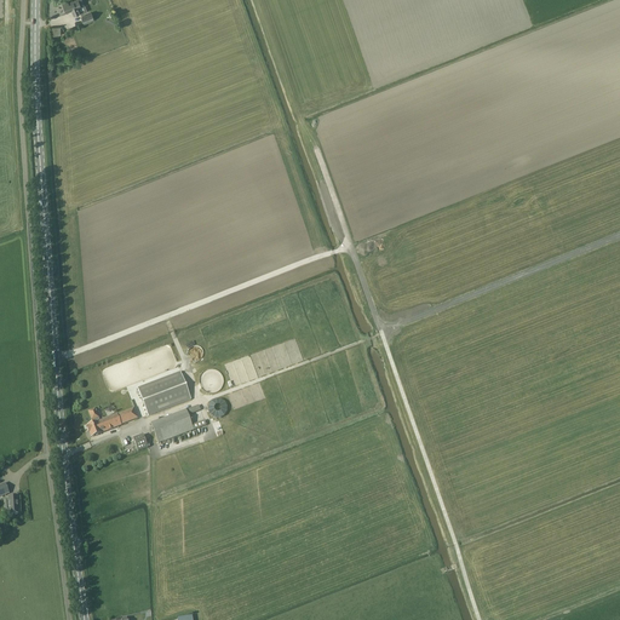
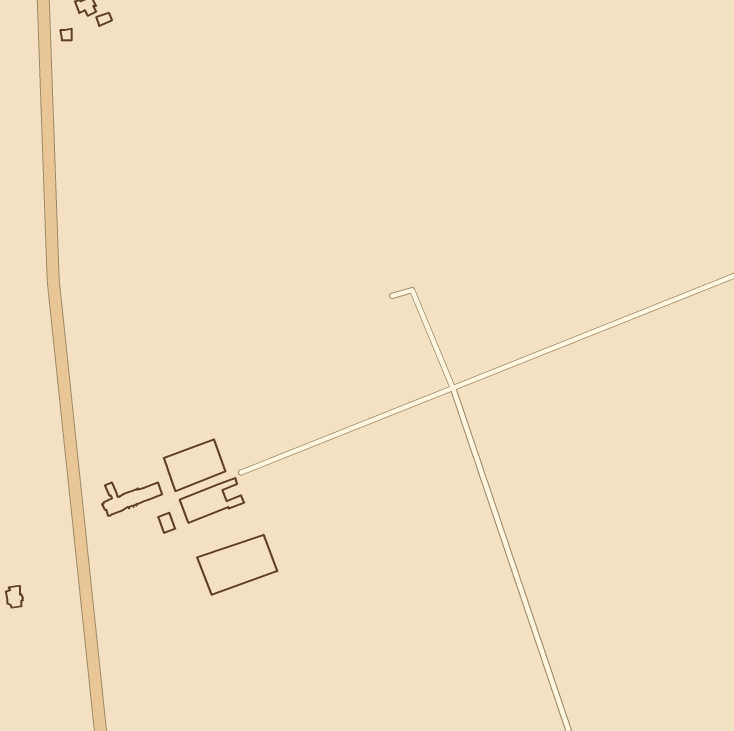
building: none -> [197,535,277,595]

